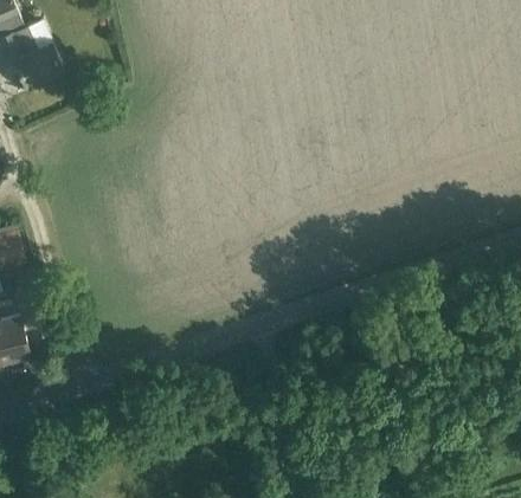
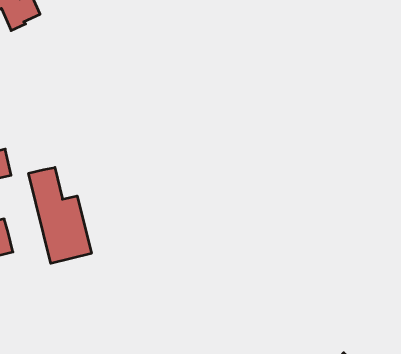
building: none -> [29,167,91,263]

